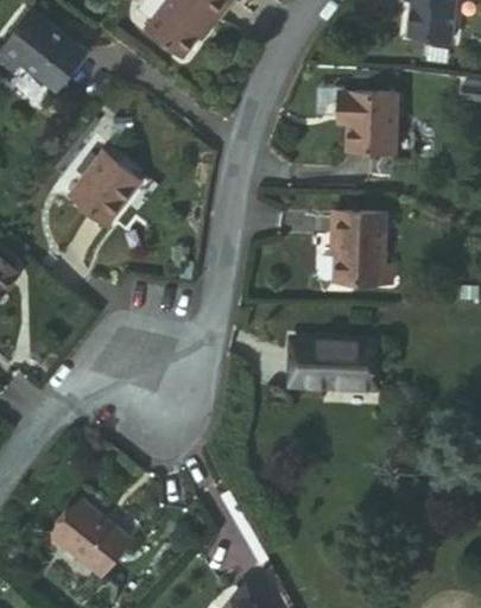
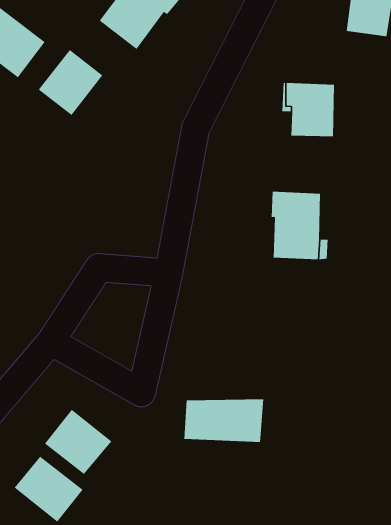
building: [68,152,139,224] -> [38,49,103,116]
building: [284,342,372,390] -> [184,399,264,442]
building: none -> [44,409,112,475]

